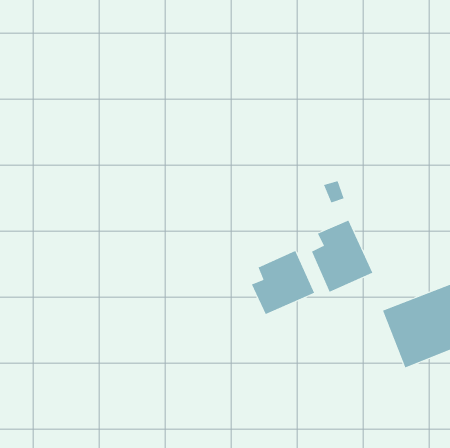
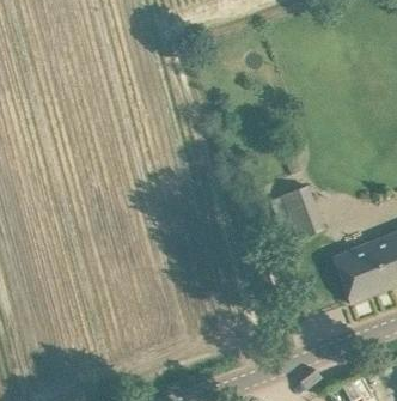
building: [251,250,315,315] -> none

